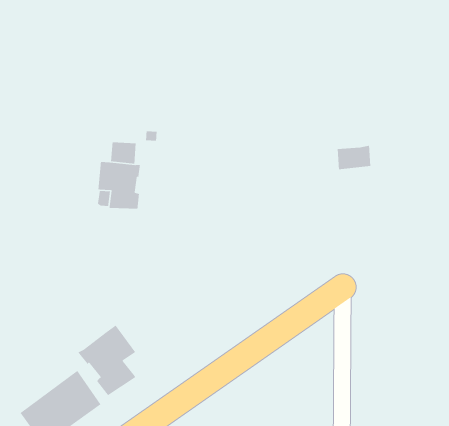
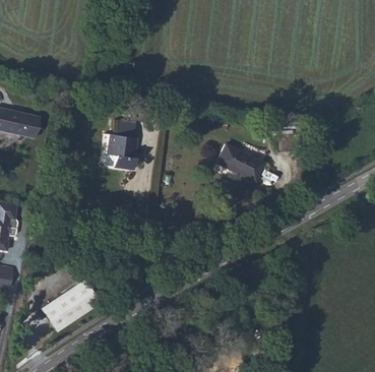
building: none -> [217,143,264,181]
building: [77,324,136,396] -> none

